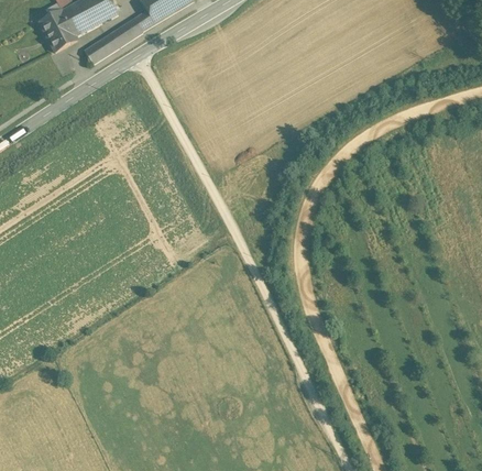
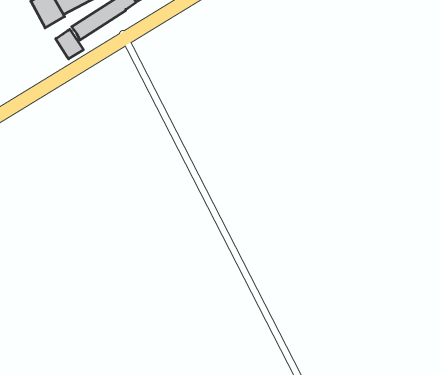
building: none -> [56,29,83,59]

